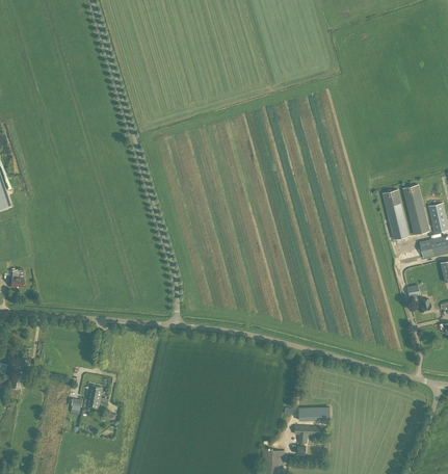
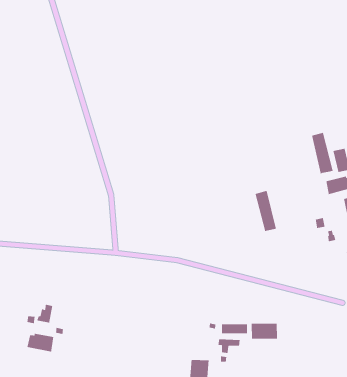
building: [383,189,409,238] -> [255,190,277,232]
building: none -> [251,323,278,339]
building: none -> [27,333,54,352]

